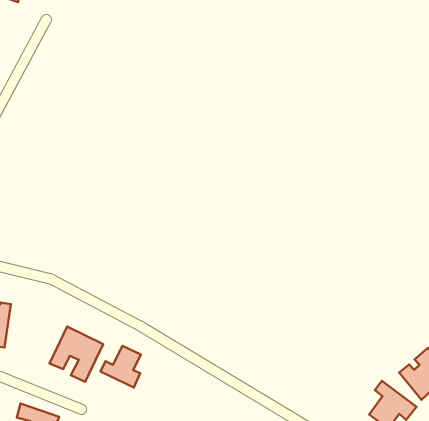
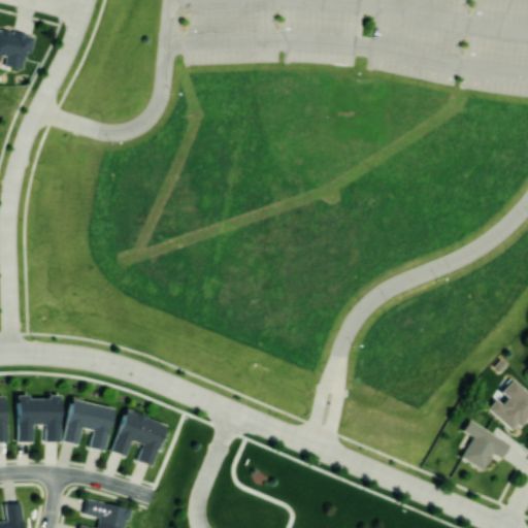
building: none -> [63,400,113,452]
building: [100,346,141,387] -> none

